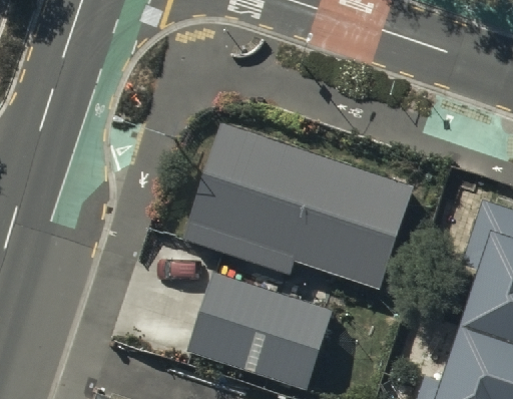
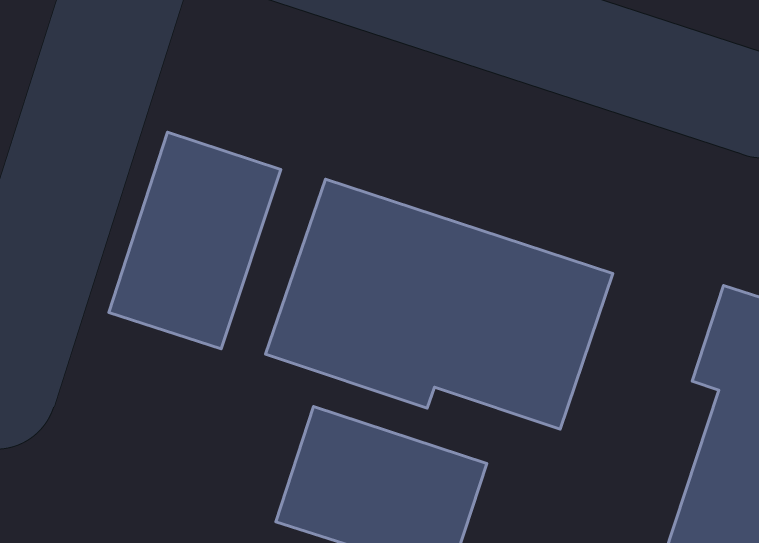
building: none -> [109,132,281,349]

